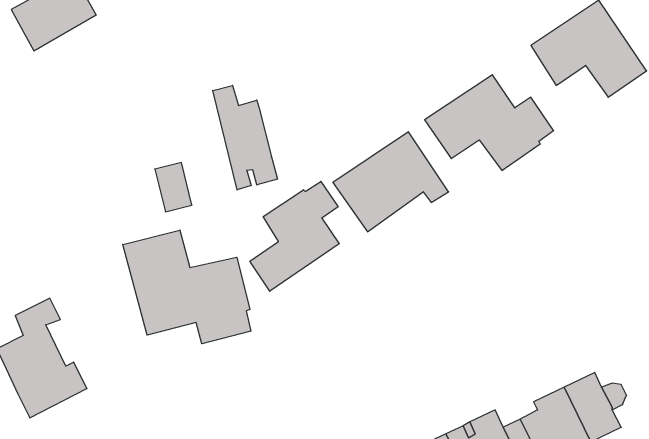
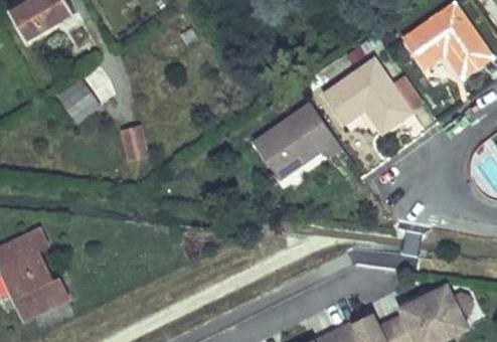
building: [213,85,277,190] -> none
building: none -> [56,78,99,121]
building: [250,181,339,291] -> none
building: [123,230,251,344] -> none

